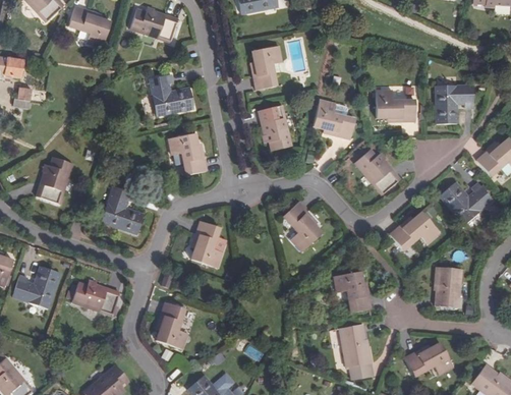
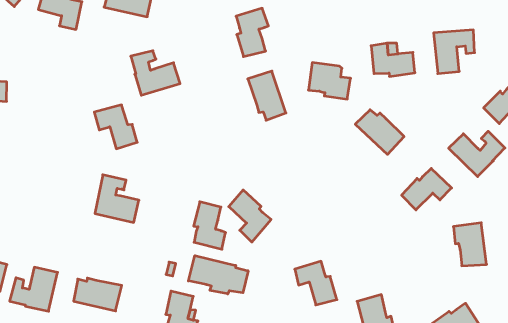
building: [168,133,206,174] -> [94,105,137,149]
building: [36,156,72,203] -> none
building: [283,201,322,250] -> [229,190,271,242]
building: none -> [188,256,248,294]
building: [335,271,372,312] -> [295,261,337,305]

